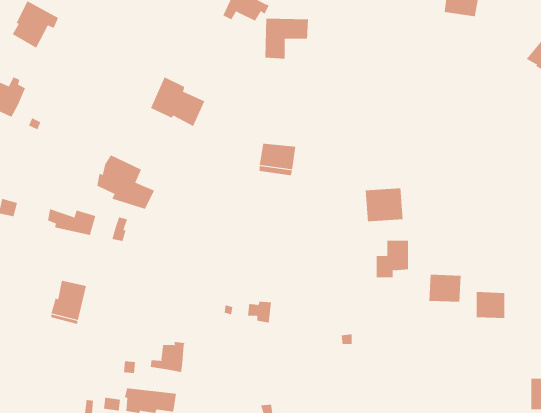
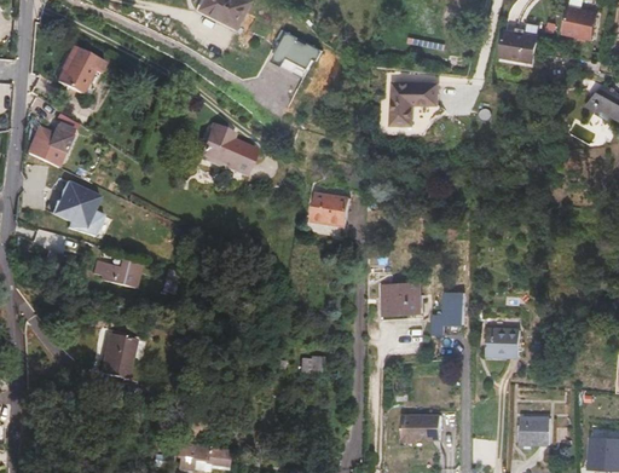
building: [264,18,309,59] -> [393,81,439,123]
building: [96,154,155,209] -> [50,179,110,236]
building: [365,188,404,222] -> [382,279,422,315]
building: [476,292,505,319] -> [520,415,550,443]
building: [150,341,185,373] -> none
building: none -> [401,416,441,444]

